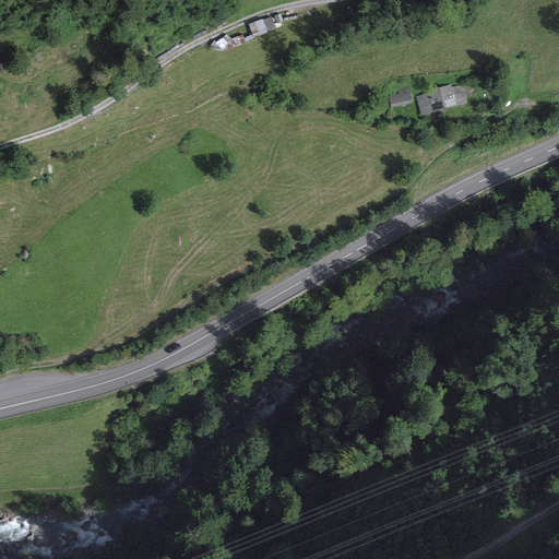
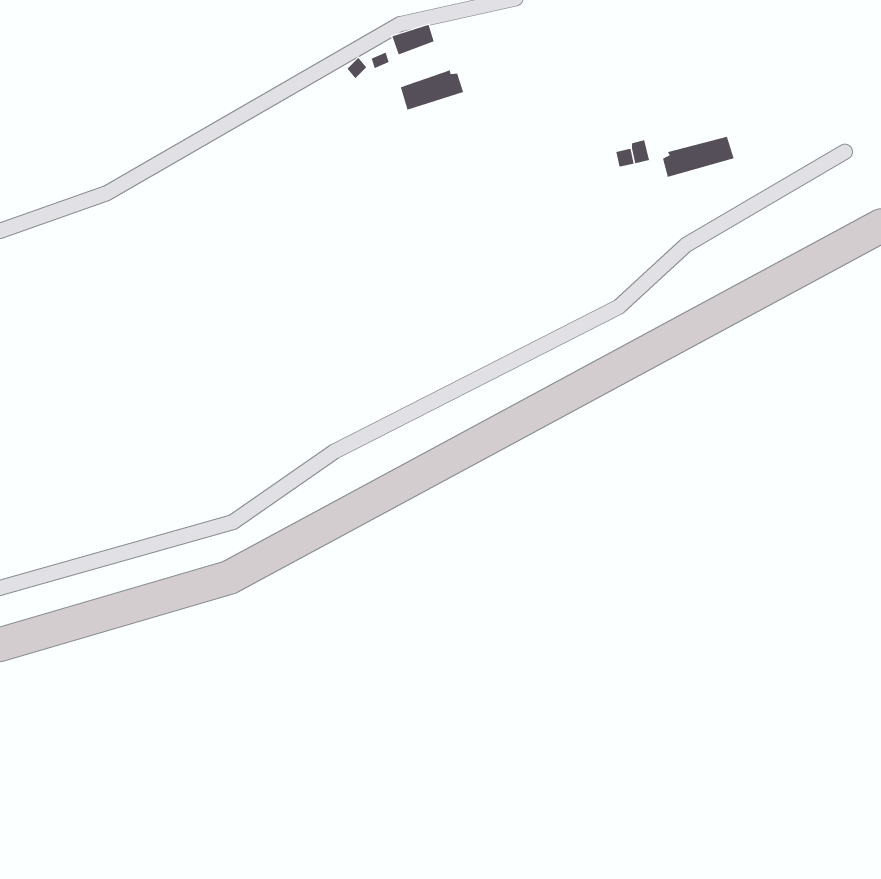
building: none -> [400,69,464,111]

